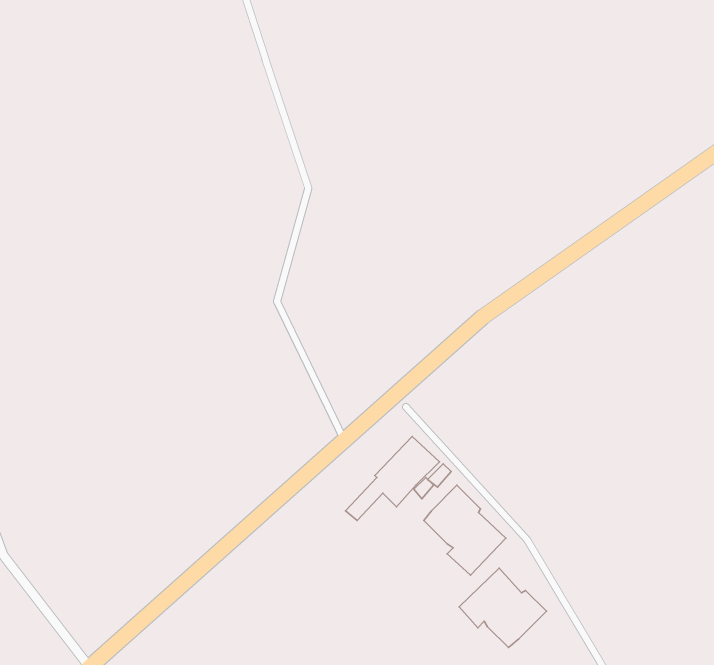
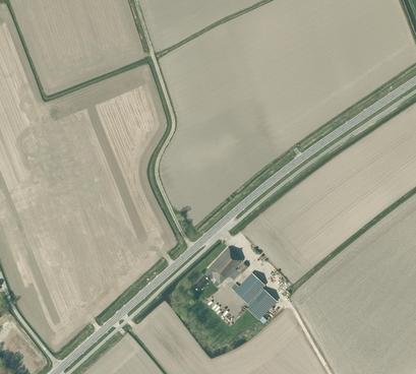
building: [459,568,546,647] -> none

